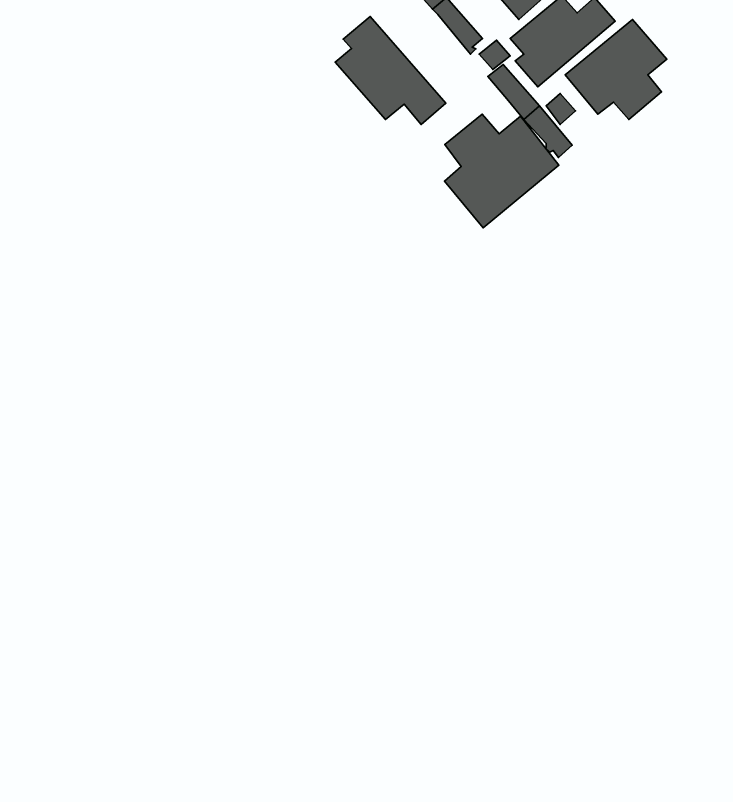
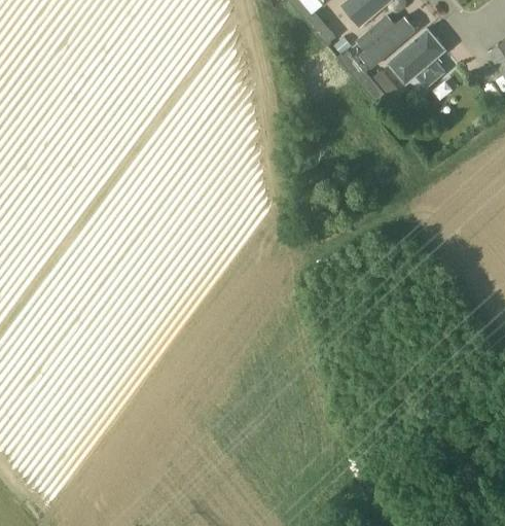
building: [335,16,446,125] -> none
building: [445,114,559,228] -> none

